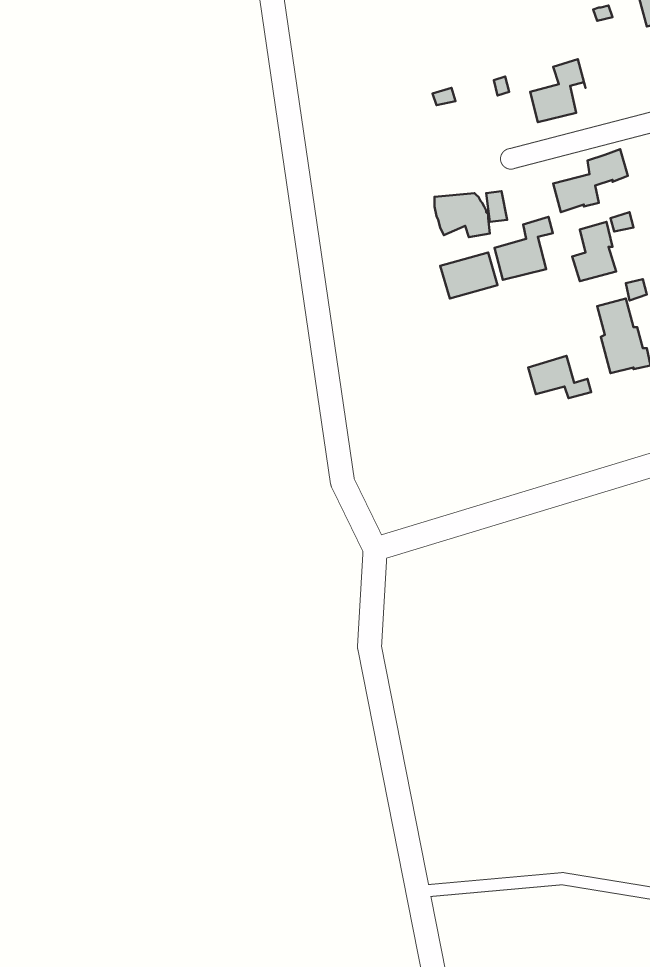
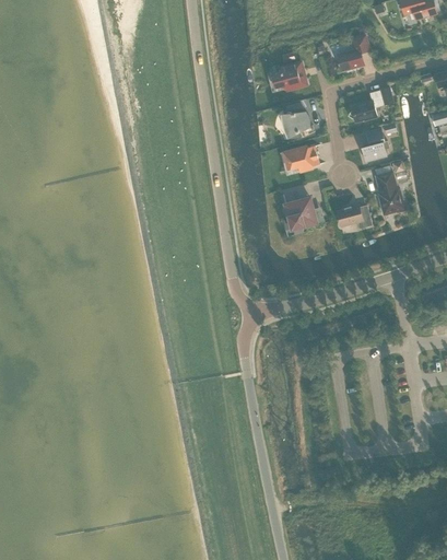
building: none -> [274,62,305,89]
building: [494,217,553,280] -> none
building: none -> [282,197,316,235]

